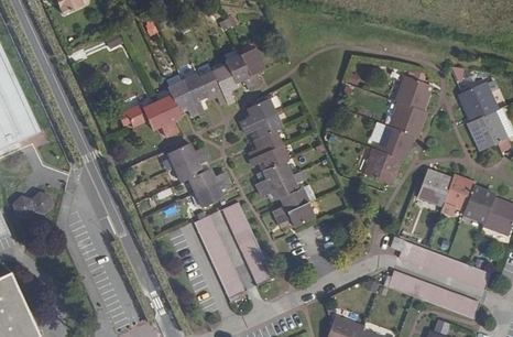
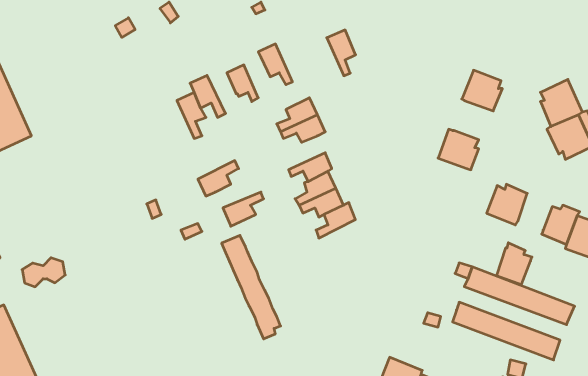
building: [239,46,263,85] -> [327,30,356,76]
building: [212,64,236,102] -> none
building: [182,73,206,111] -> none
building: [119,100,171,134] -> none
building: [389,100,425,134] -> none
building: [250,130,281,157] -> none
building: [167,142,205,166] -> none
building: [363,148,400,182] -> none
building: [188,167,227,191] -> none
building: [443,174,472,209] -> [496,243,532,285]
building: [13,192,50,216] -> [22,258,65,287]
building: [275,200,314,225] -> none
building: [221,202,272,284] -> none

